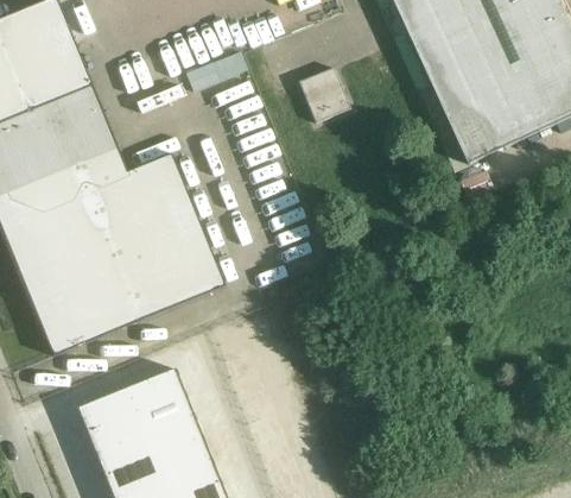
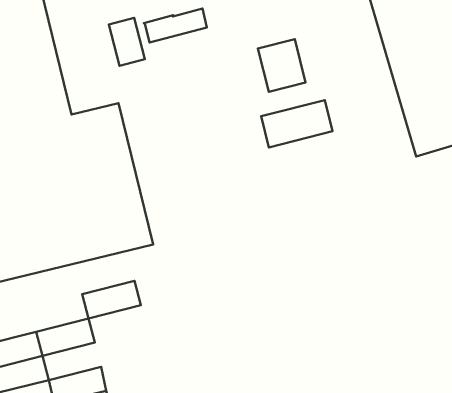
building: none -> [109,18,145,66]
building: none -> [261,100,333,147]
building: [133,389,191,431] -> [82,281,141,318]

